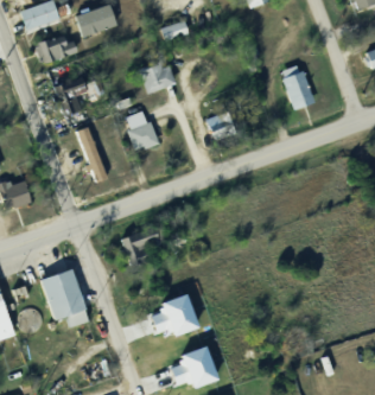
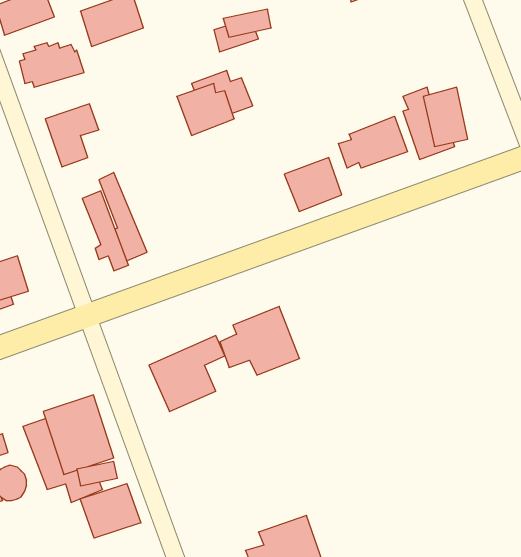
building: none -> [338,116,408,168]
building: [123,113,157,154] -> none
building: [159,287,210,331] -> [220,306,300,375]
building: none -> [80,484,141,538]

